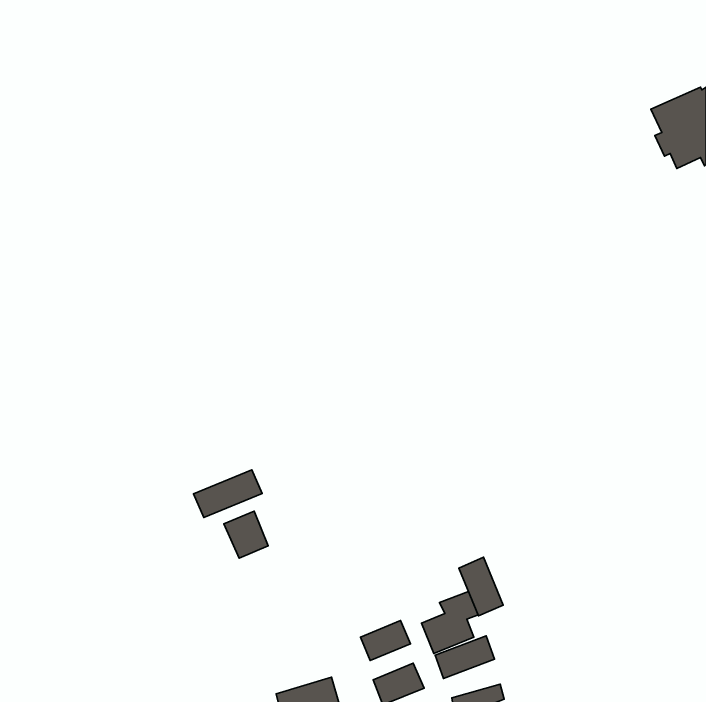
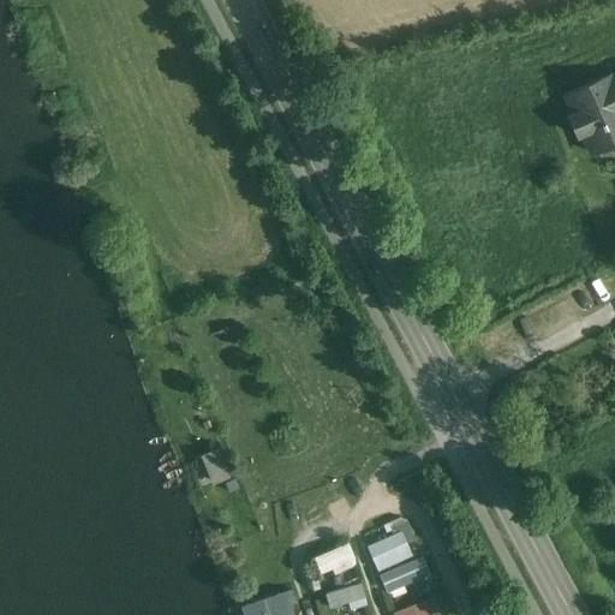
building: [193,470,262,517] -> none
building: [459,557,503,616] -> none

